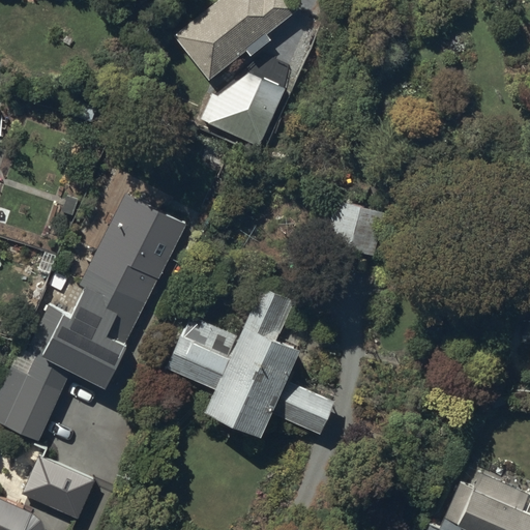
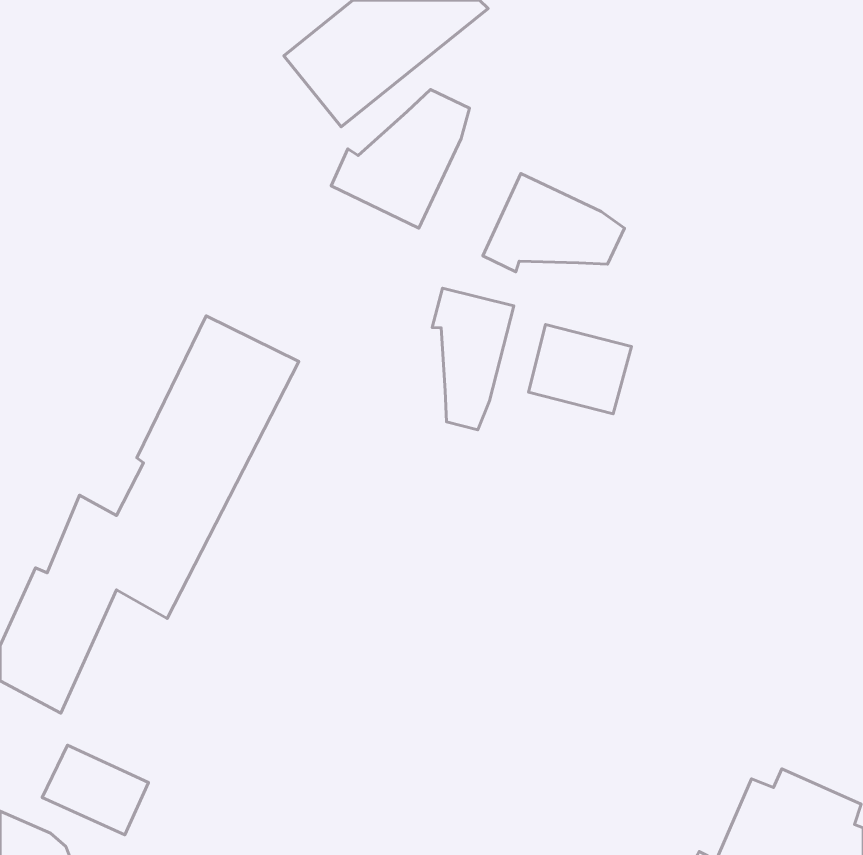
building: none -> [483,174,624,272]
building: none -> [432,288,514,430]
building: [169,290,333,433] -> none

